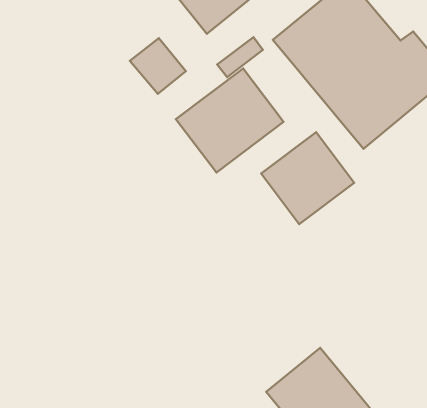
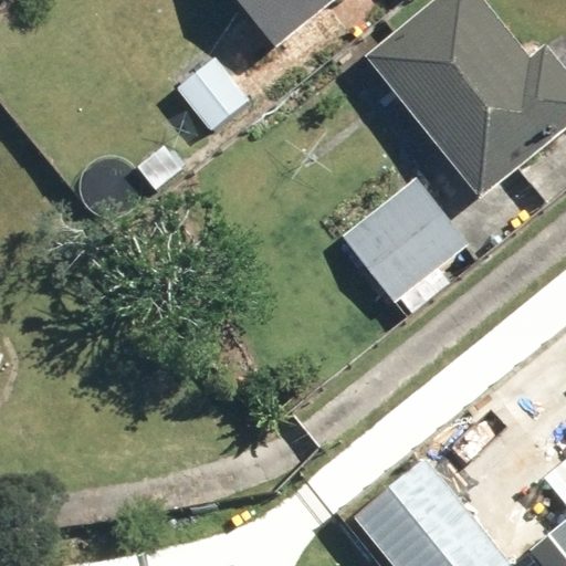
building: [176,69,283,172] -> none

